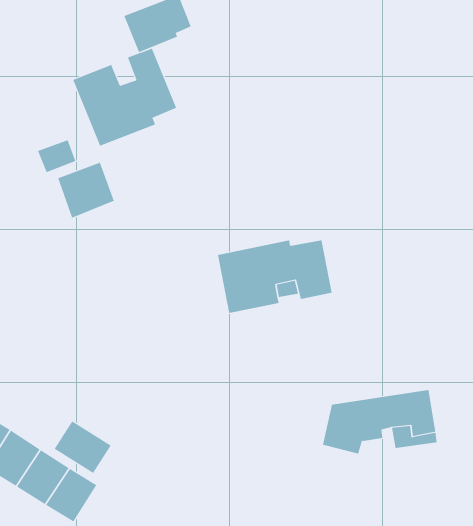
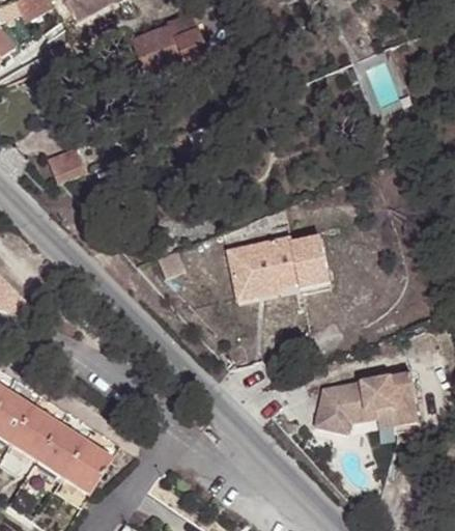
building: [73,48,177,147] -> none
building: [57,162,115,218] -> none
building: [54,421,112,474] -> none

